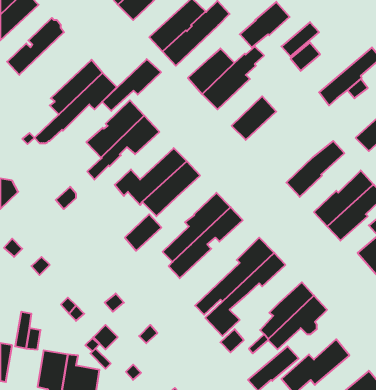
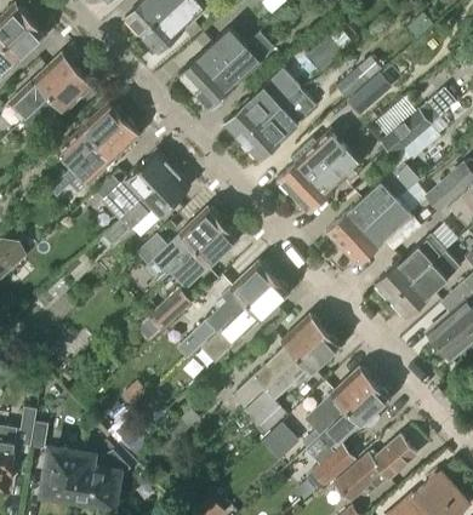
building: [102,59,161,111] -> [23,69,93,131]
building: none -> [294,148,361,214]
building: none -> [326,182,398,248]

